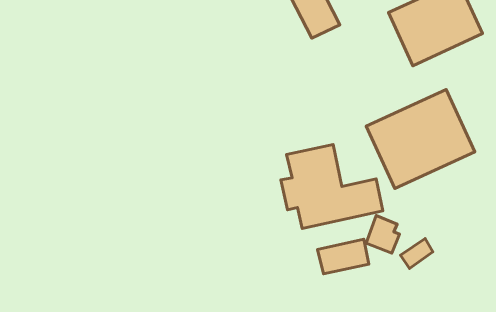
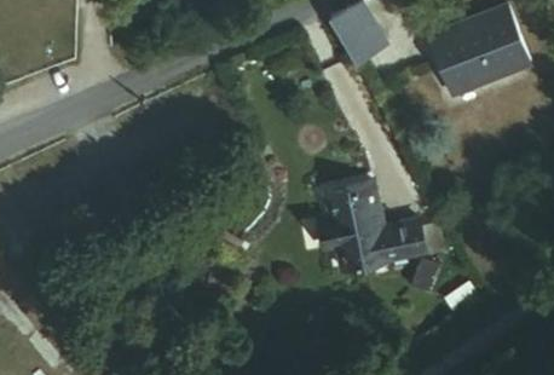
building: [366,89,475,188] -> none
building: [318,239,369,274] -> none

